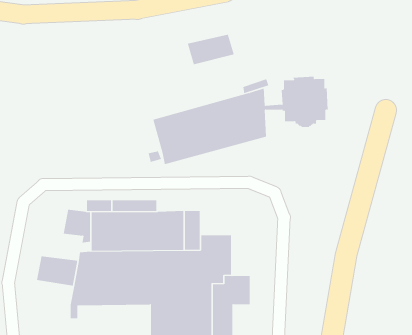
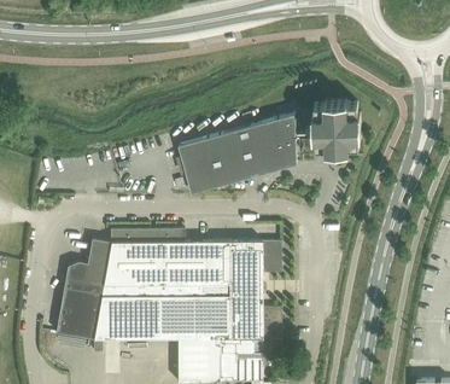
building: [187,34,234,65] -> none
building: none -> [228,240,280,273]
building: none -> [63,263,115,292]
building: none -> [54,313,97,338]

